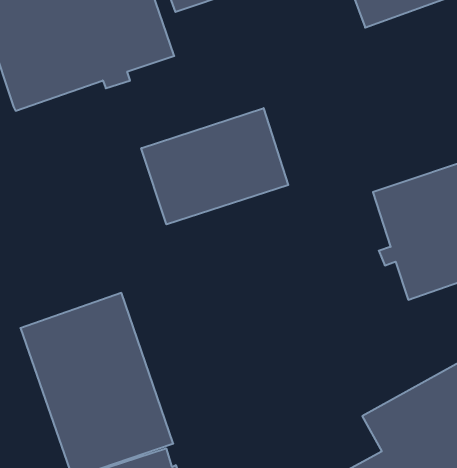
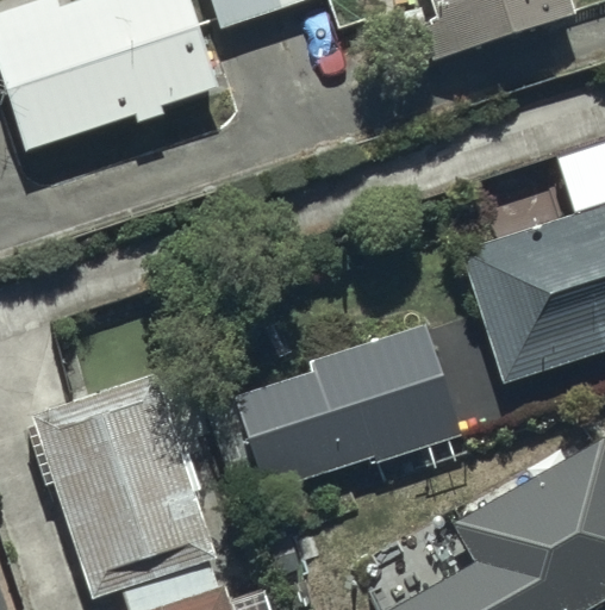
building: [141,108,288,224] -> none
building: none -> [236,325,459,497]

